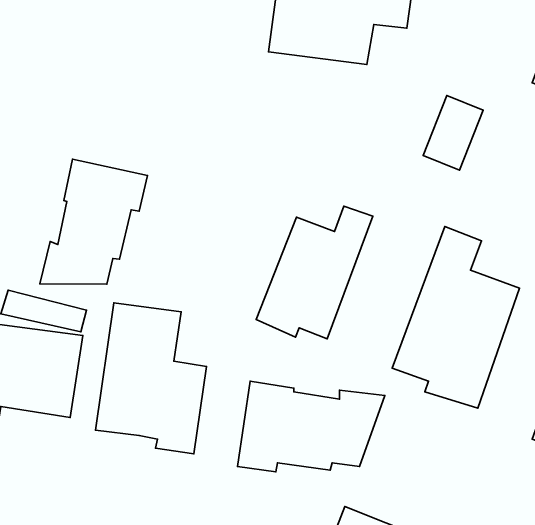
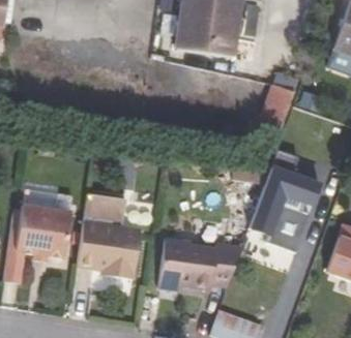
building: [40,159,147,284] -> none
building: [256,206,373,339] -> none

